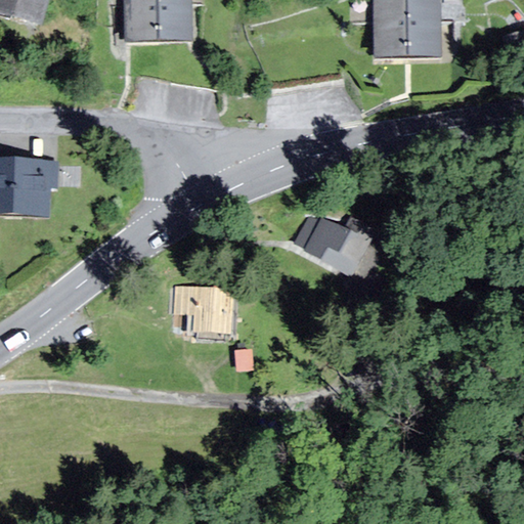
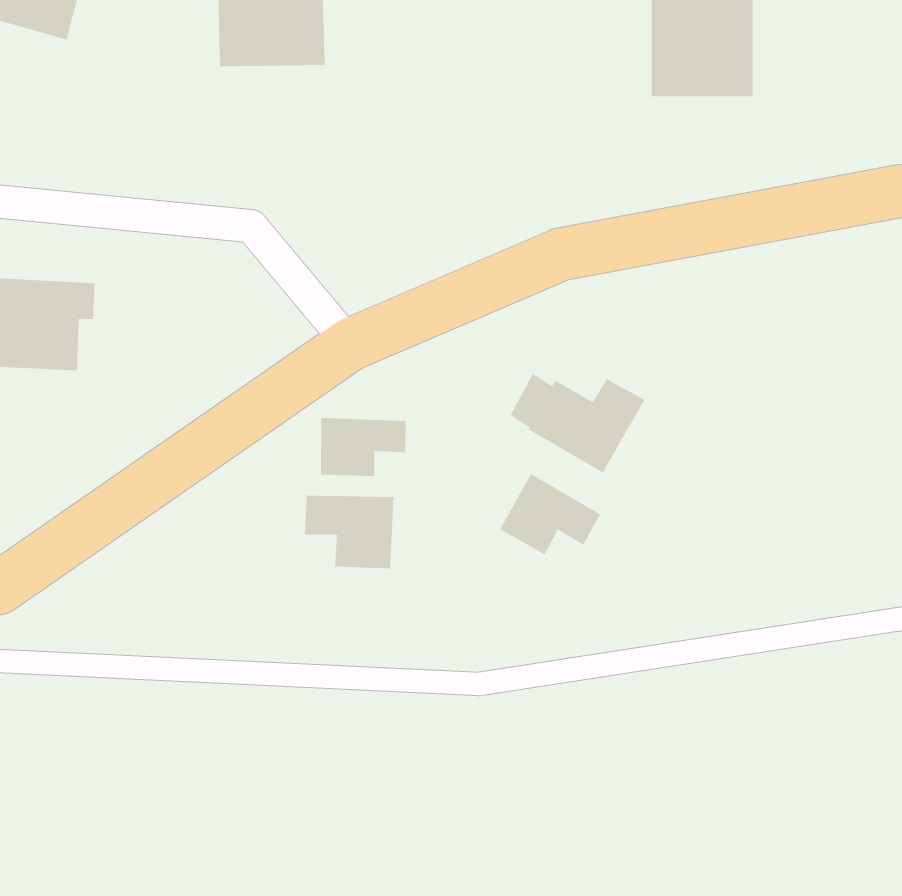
building: none -> [320,417,407,477]
building: none -> [499,473,601,556]

